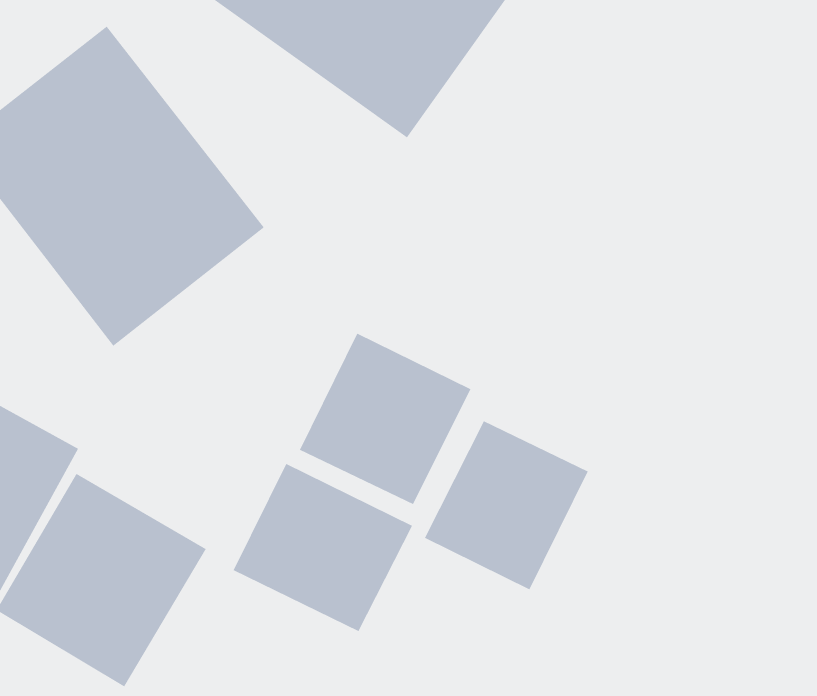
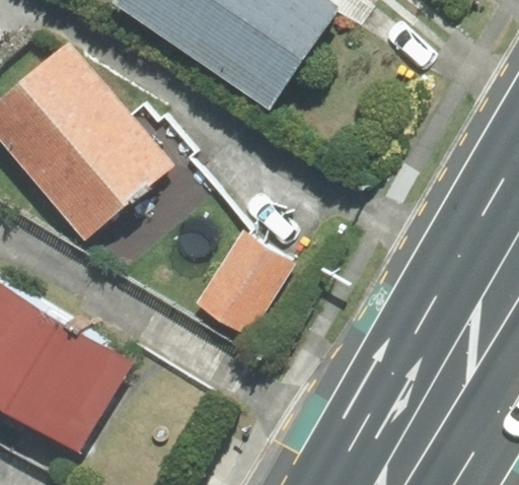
building: [424,420,589,590] -> none
building: [233,463,413,632] -> none

